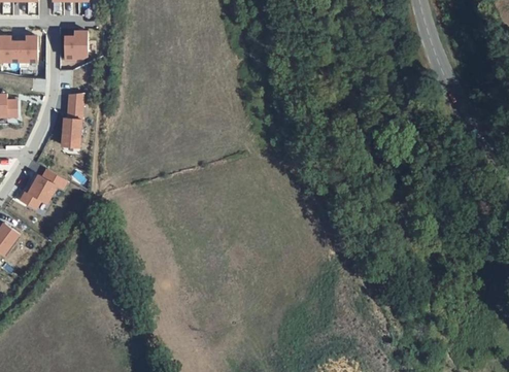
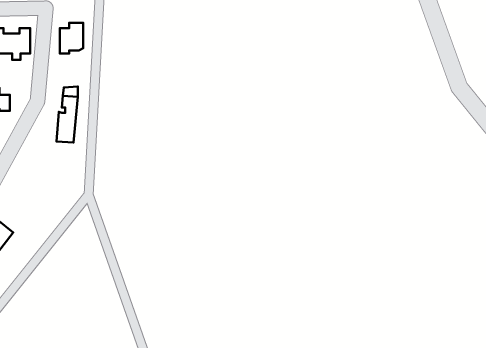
building: [20,169,66,209] -> none

